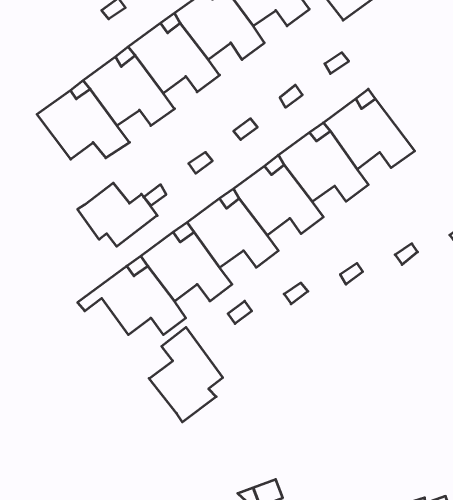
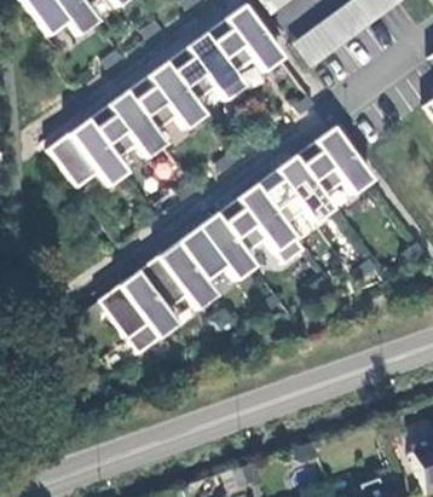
building: [78,183,157,246] -> none
building: [149,327,223,422] -> none

